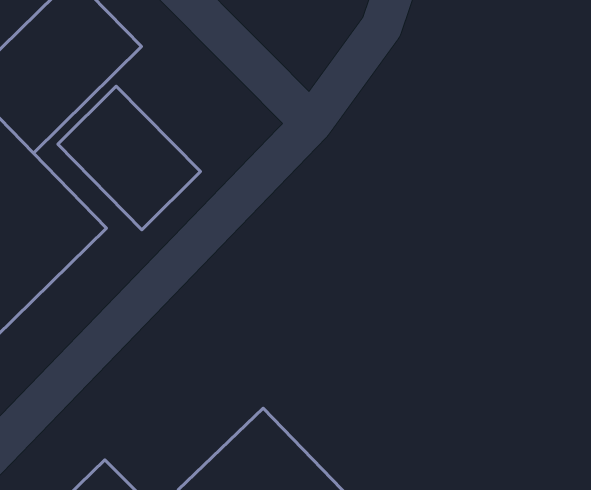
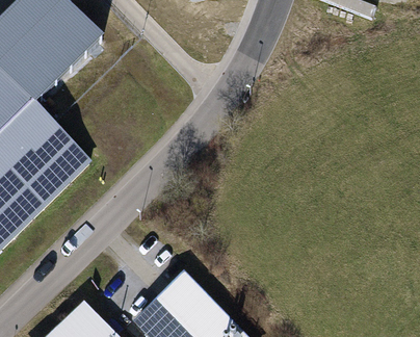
building: [58,86,200,230] -> none

